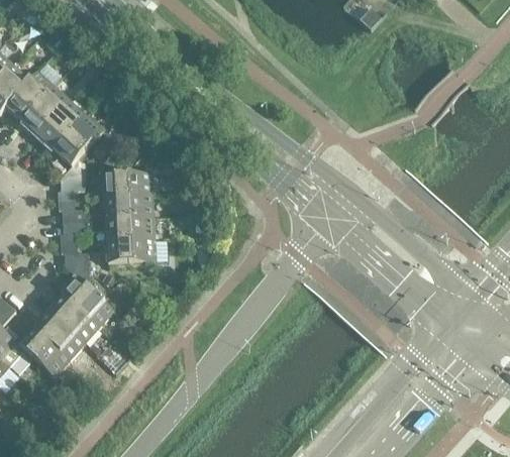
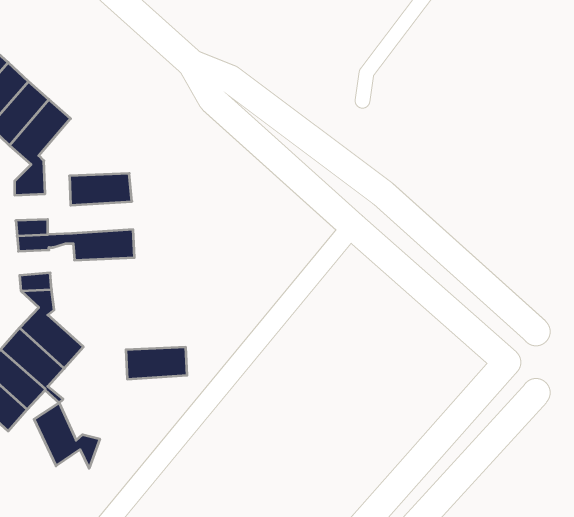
building: [104,195,154,220] -> none
building: [107,239,156,264] -> [126,347,187,379]
building: none -> [34,403,100,468]

